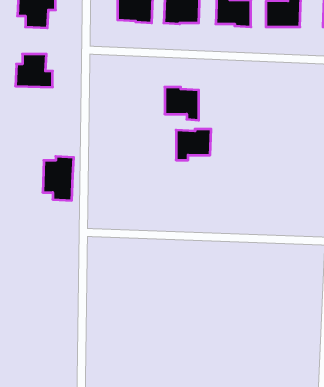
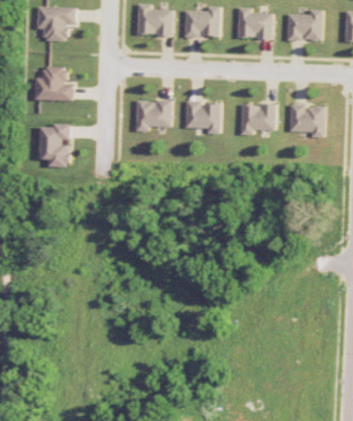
building: none -> [136,100,171,131]
building: none -> [289,104,325,137]
building: [176,129,211,160] -> [241,104,276,135]
building: [43,156,74,200] -> [39,123,71,167]

